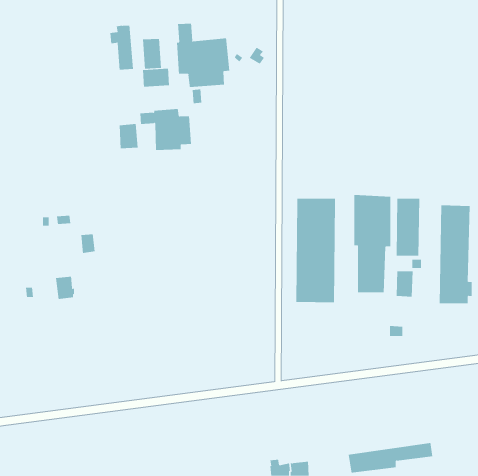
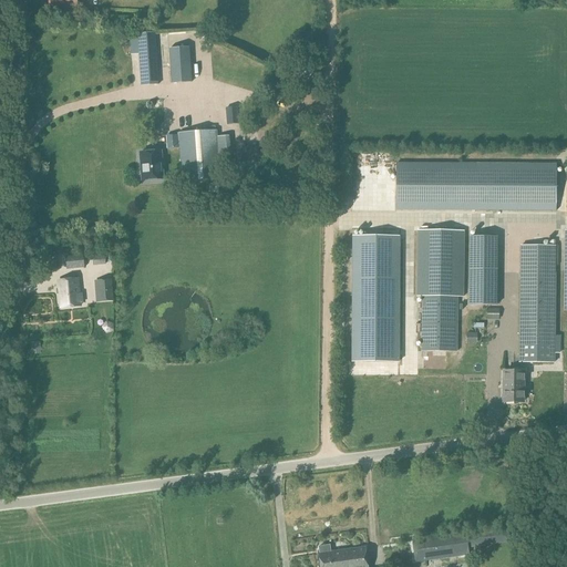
building: [176,23,230,88] -> none
building: [142,68,170,87] -> none
building: none -> [396,162,557,209]
building: [396,271,413,297] -> [503,370,524,401]
building: [55,276,75,299] -> [58,278,81,306]

